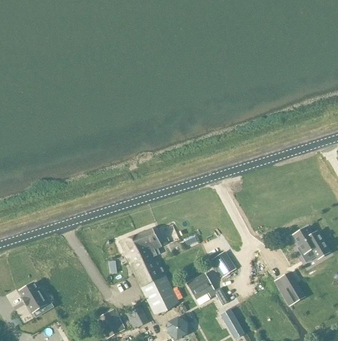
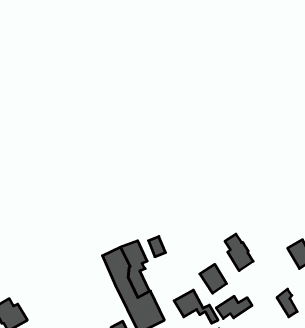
building: none -> [225,234,253,271]
building: none -> [216,296,252,319]

